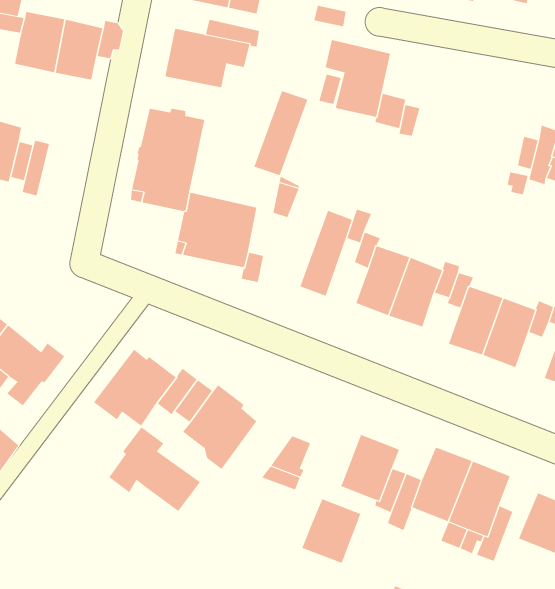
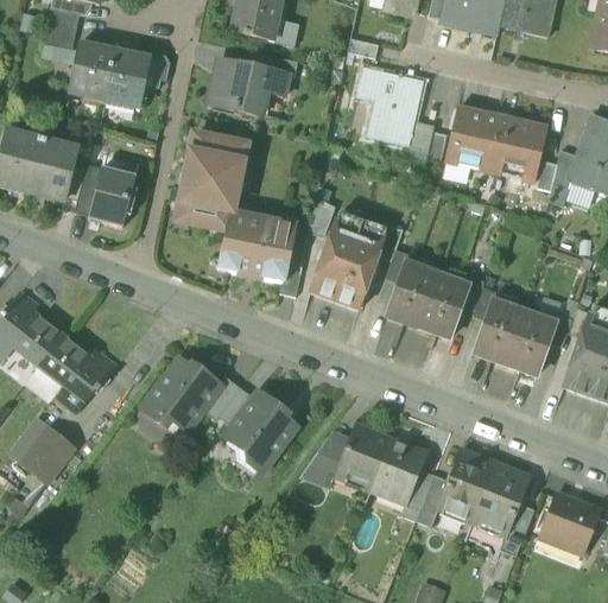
building: none -> [445,106,547,182]
building: [254,91,308,176] -> [310,220,361,299]
building: none -> [89,166,137,226]
building: [108,426,201,512] -> none
building: [301,499,361,563] -> [336,423,392,483]

